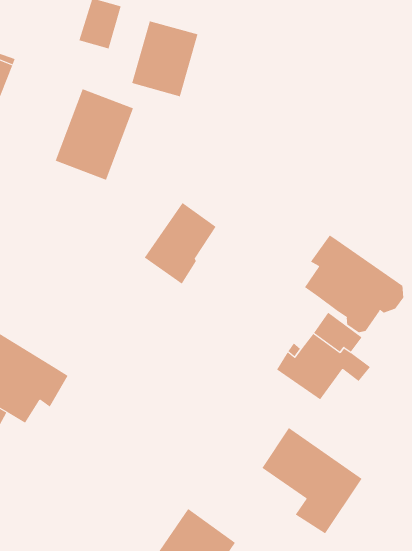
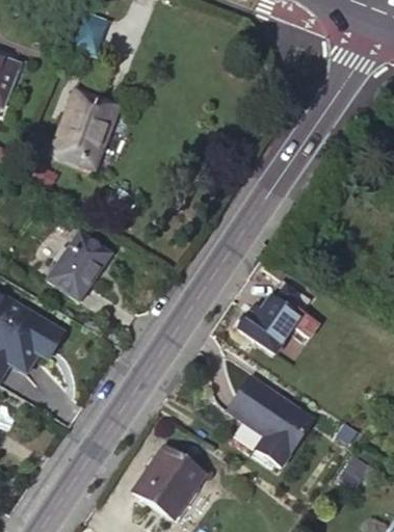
building: [132,20,198,97] -> none
building: [144,202,216,285] -> [48,232,109,301]
building: [304,235,404,333] -> none

